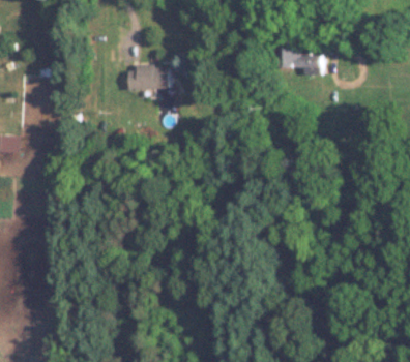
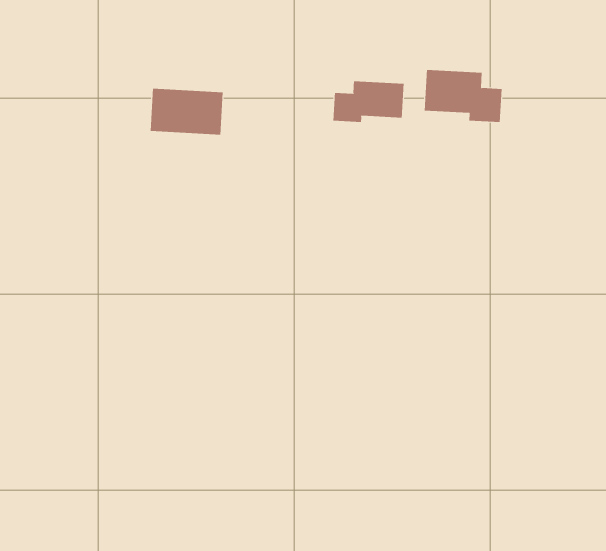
building: none -> [333,81,404,123]

